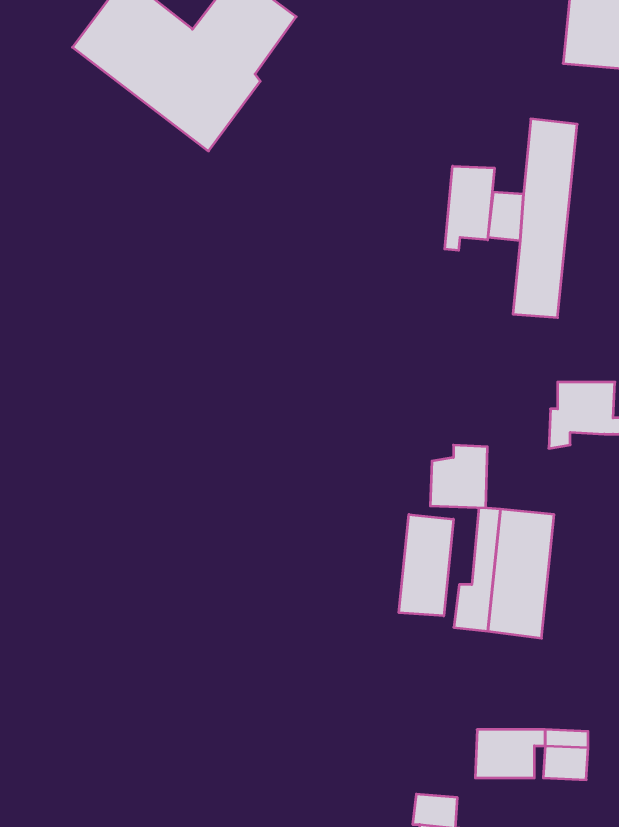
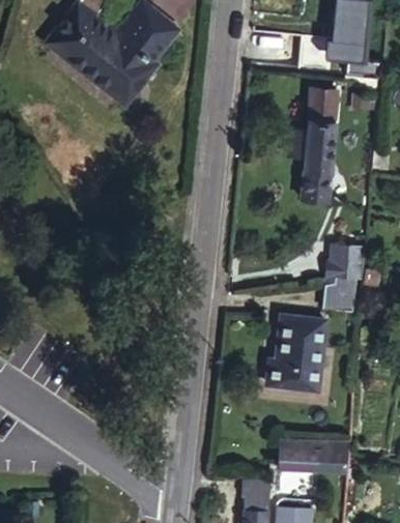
building: [445,166,494,250] -> none
building: [430,445,487,508] -> [321,269,354,306]
building: [399,514,453,616] -> none

